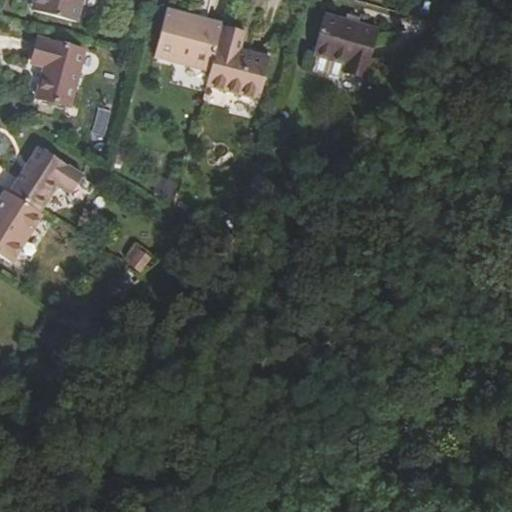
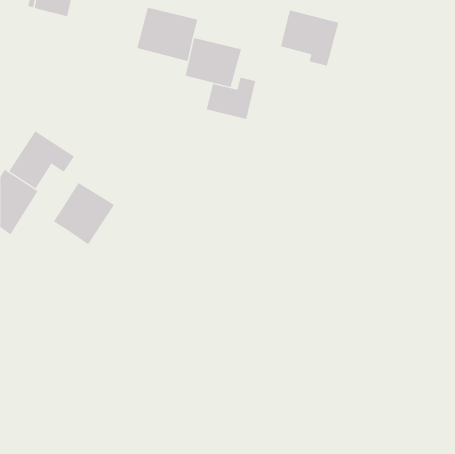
building: [32,36,83,104] -> none
building: none -> [206,77,256,120]
building: none -> [53,182,115,245]

